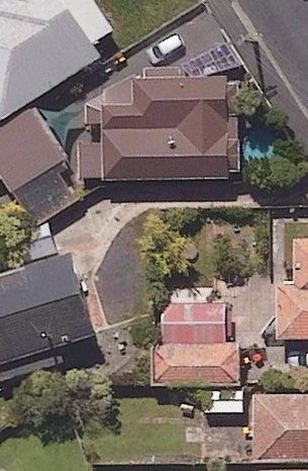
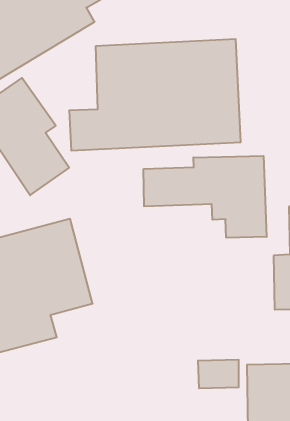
building: none -> [144,156,267,238]
building: [148,304,241,389] -> none

